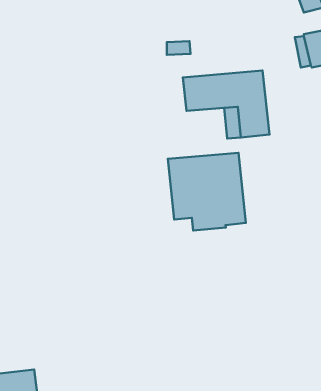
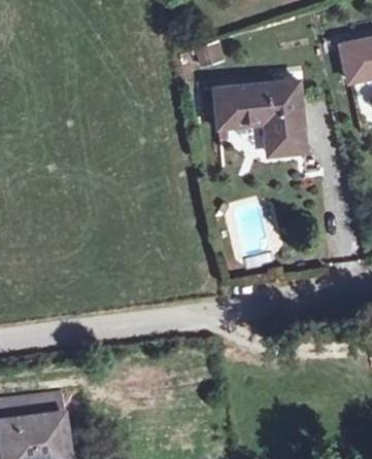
building: [168,153,246,230] -> none

